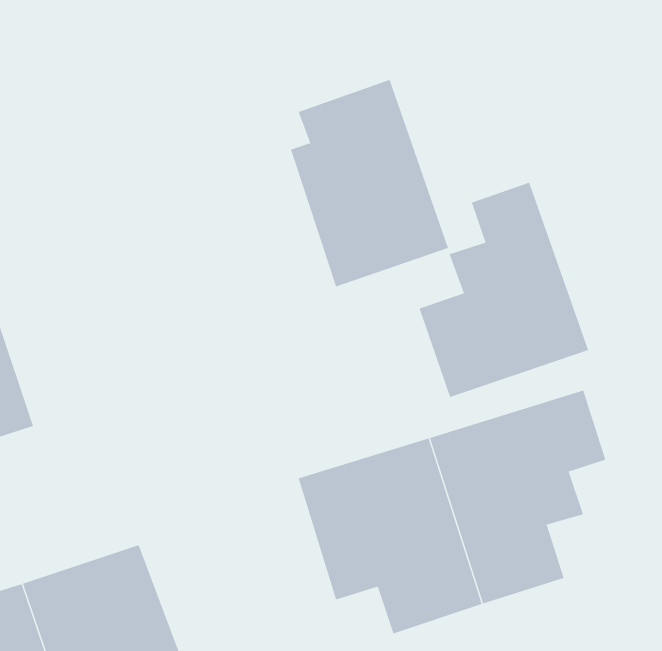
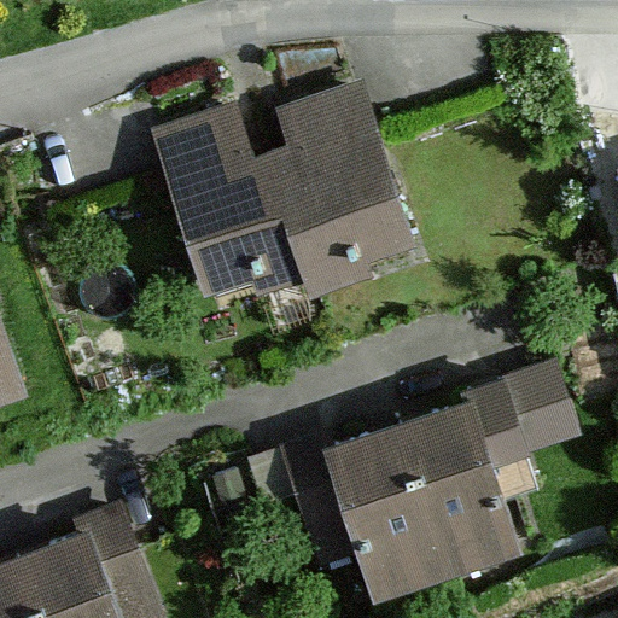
building: none -> [150,111,311,314]
building: [419,182,589,398] -> none

